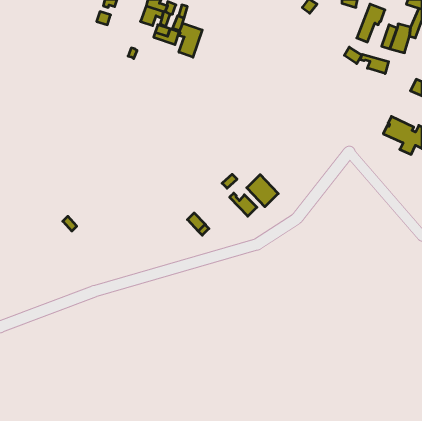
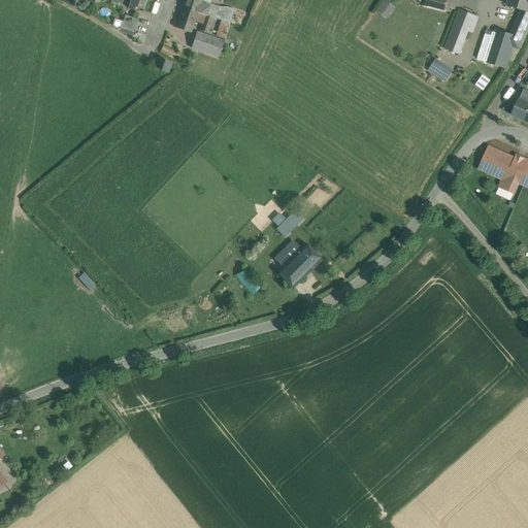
building: [179,23,202,57] -> none
building: [360,54,389,74] -> none
building: [247,175,278,207] -> [270,246,309,287]

